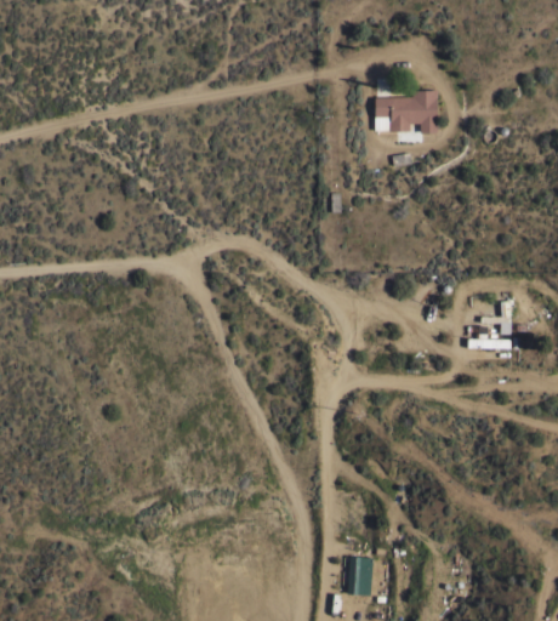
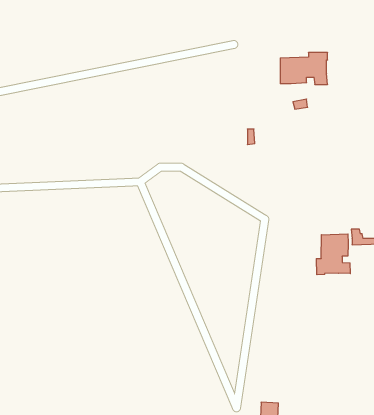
building: none -> [316,234,350,275]

